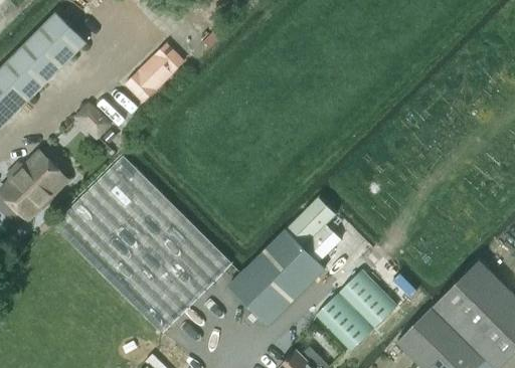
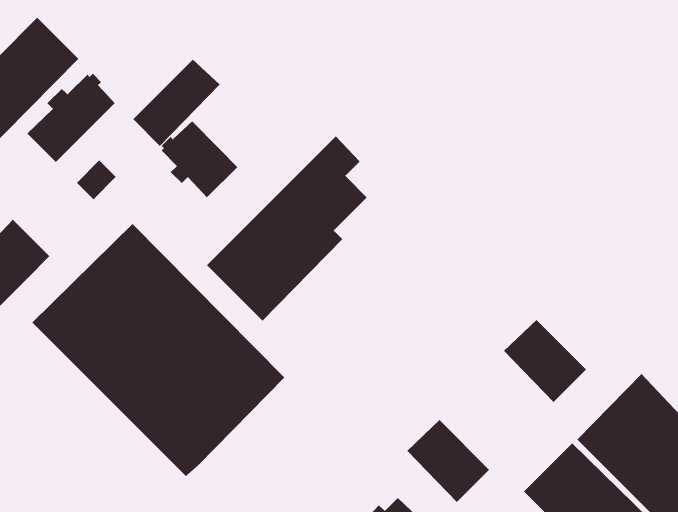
building: none -> [26,73,115,163]
building: none -> [161,121,238,198]
building: [228,196,341,326] -> [206,135,368,321]
building: [338,269,396,328] -> [503,319,587,403]

